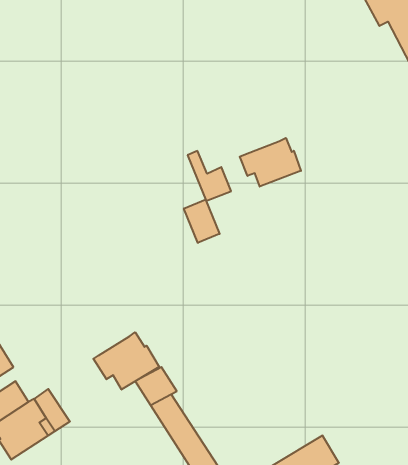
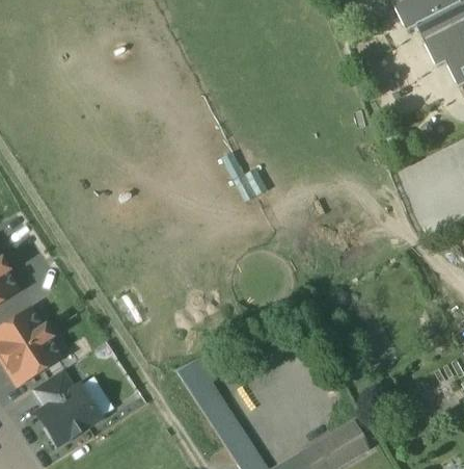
building: [240,138,301,187] -> none
building: [184,200,220,243] -> none
building: [93,332,159,390] -> none

